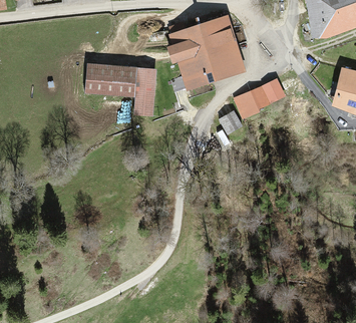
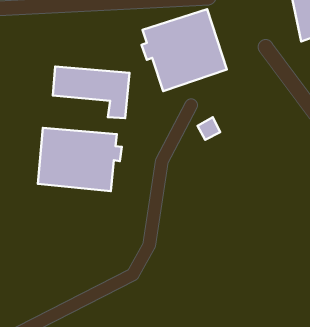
building: [234,78,282,116] -> none
building: none -> [38,128,122,191]

